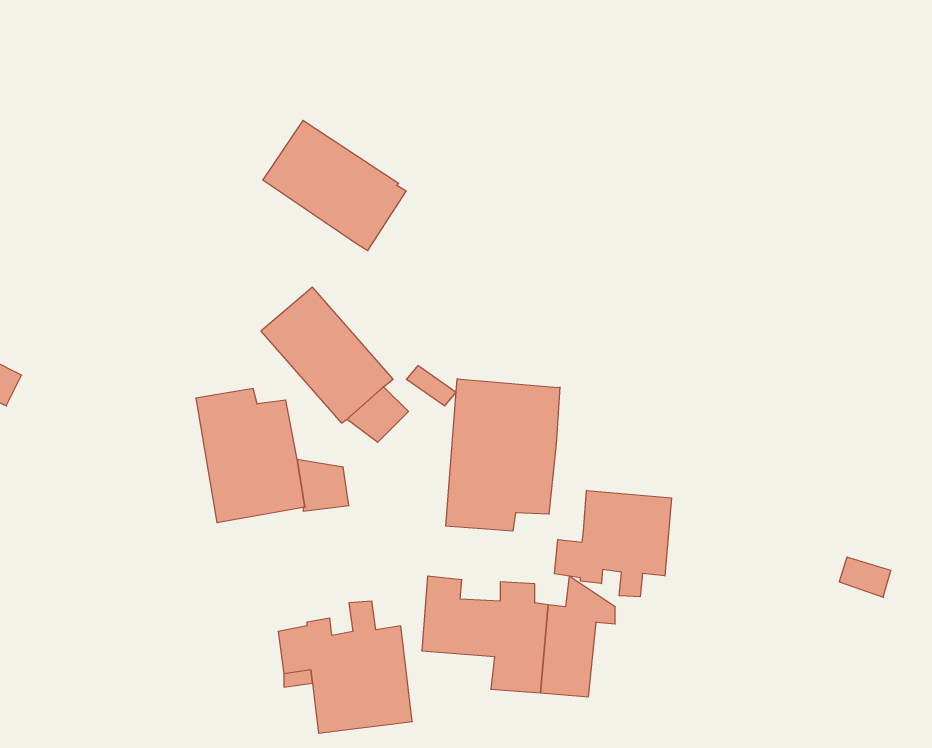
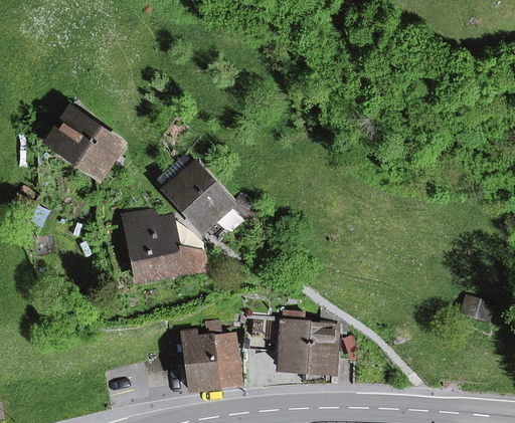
building: [263,120,406,251] -> [47,109,123,177]
building: [446,379,560,531] -> none
building: [554,490,671,597] -> none

